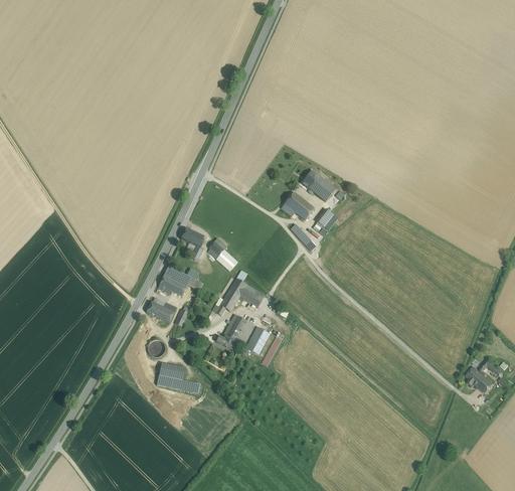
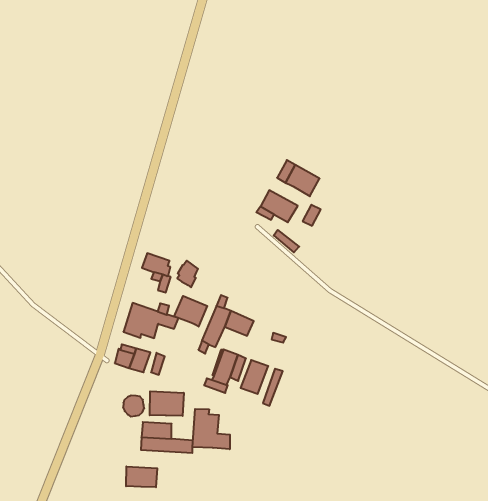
building: none -> [174,296,207,327]
building: none -> [150,391,184,416]
building: none -> [193,409,230,449]
building: none -> [126,466,157,487]

